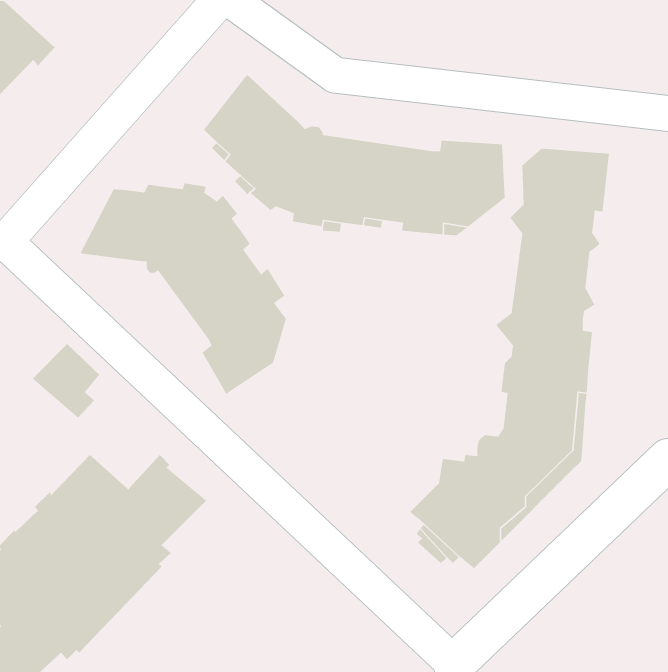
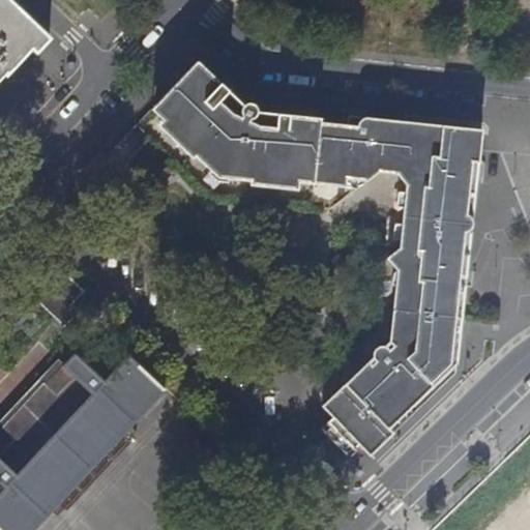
building: [79,182,287,395] -> none

